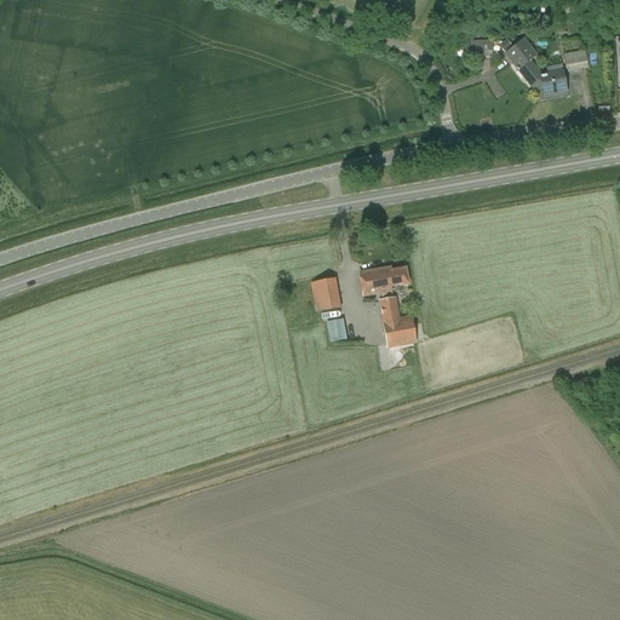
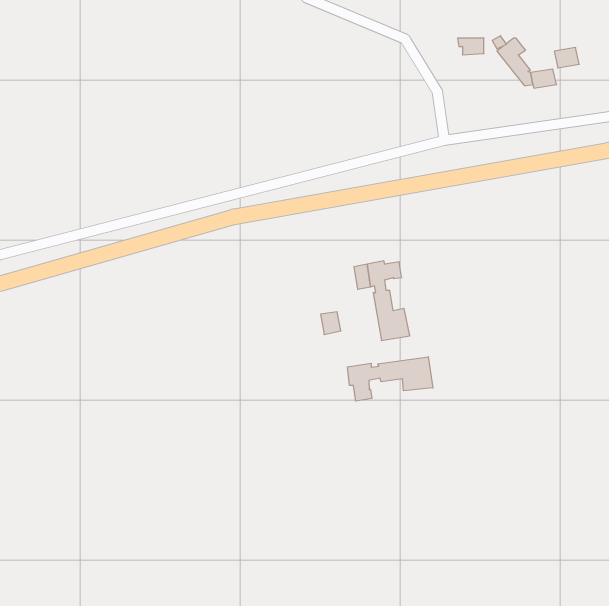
building: [310,276,341,311] -> none
building: none -> [347,357,433,401]

